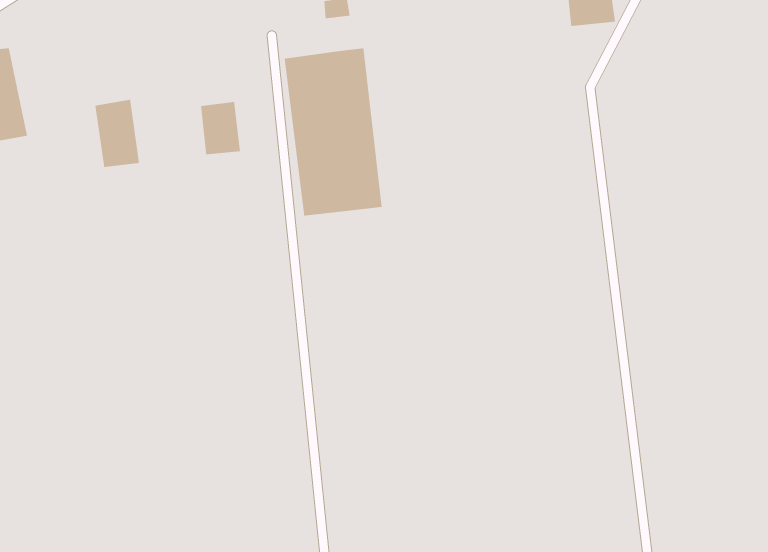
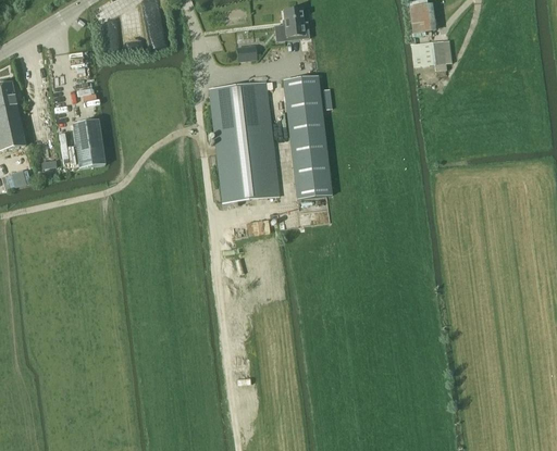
building: none -> [283,75,331,196]
building: [200,101,241,155] -> none

